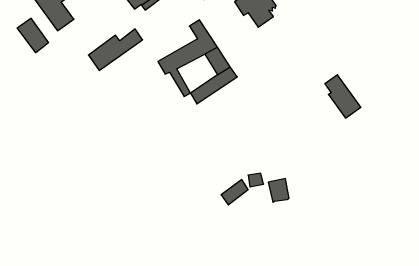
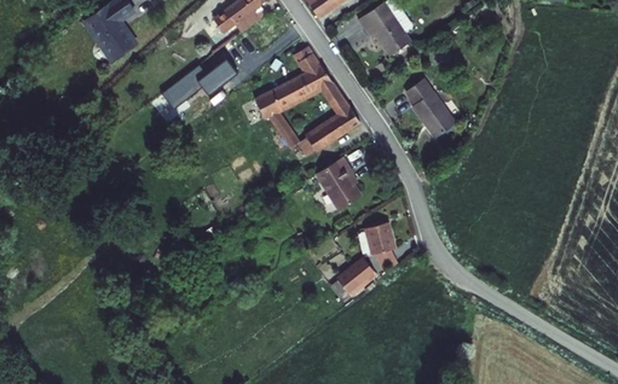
building: [17,18,48,53] -> none
building: [325,75,361,118] -> [406,80,455,138]
building: none -> [320,156,363,206]
building: [268,179,289,202] -> [366,223,394,255]

